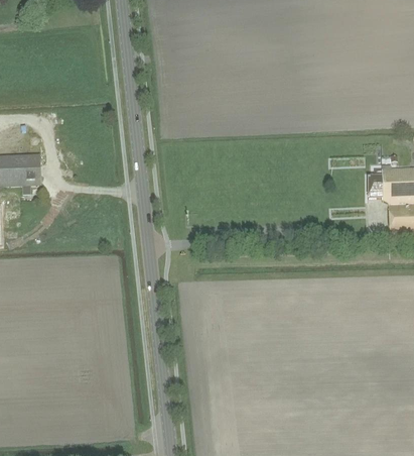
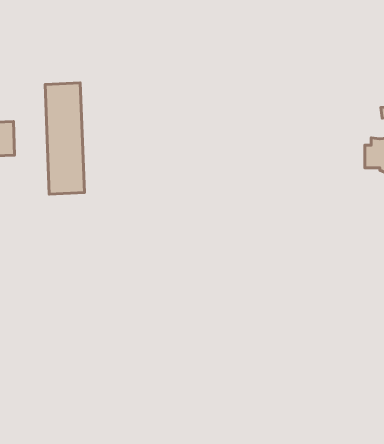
building: none -> [45,83,84,194]

